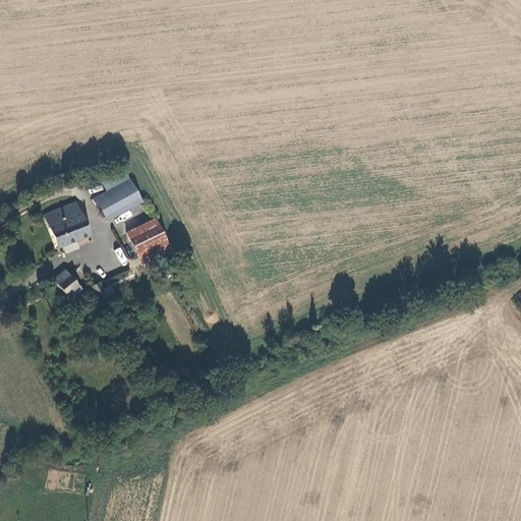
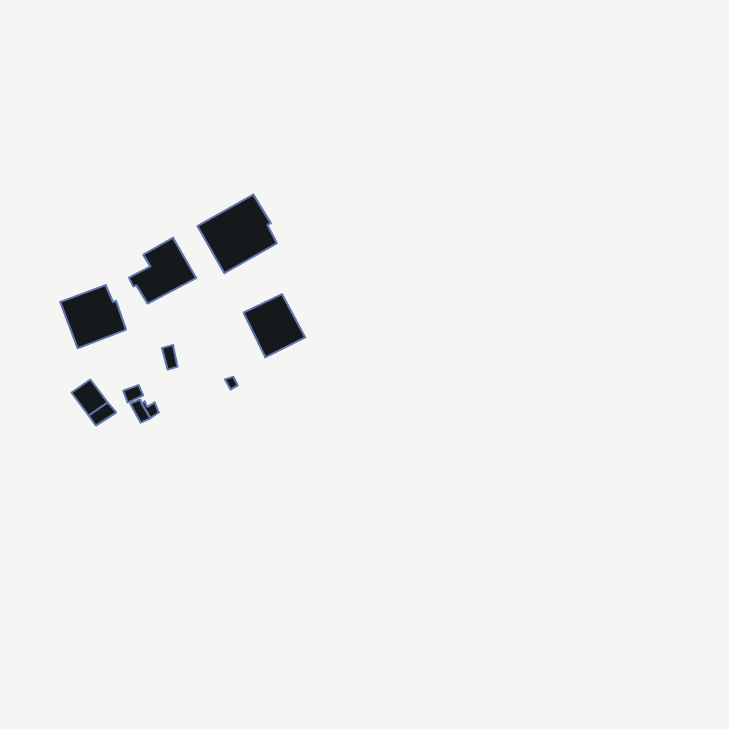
building: none -> [197,194,277,273]
building: [129,219,173,264] -> [244,294,305,357]

